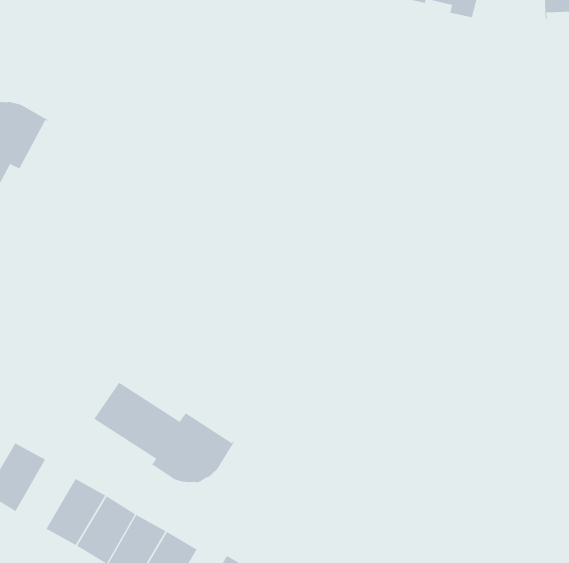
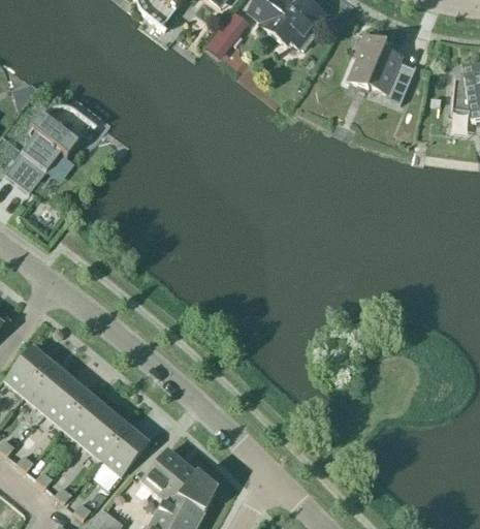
building: [93,382,235,483] -> none
building: none -> [24,362,69,410]

